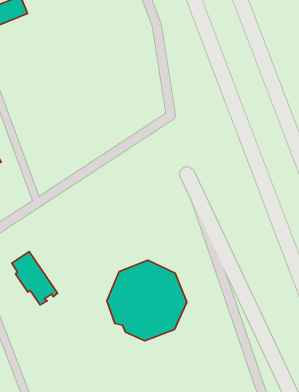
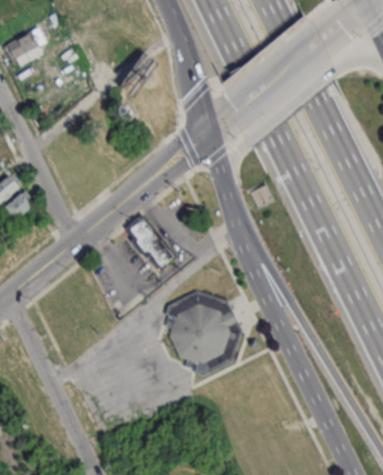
building: [12,251,57,305] -> [126,217,177,272]

